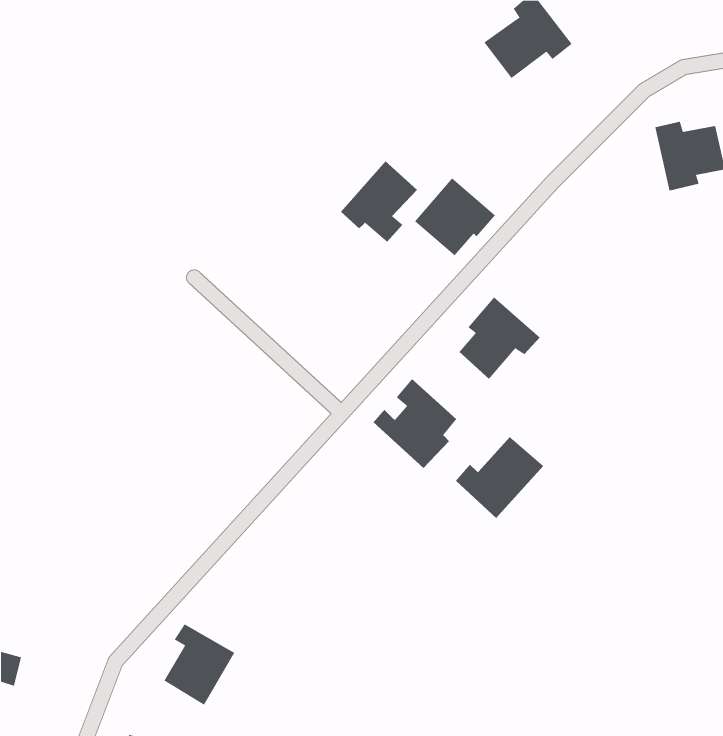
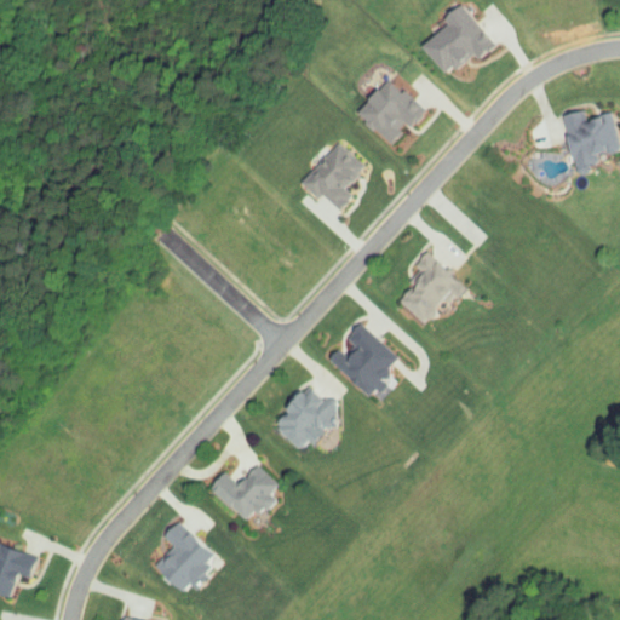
building: [414,177,496,256] -> [356,78,424,143]
building: [455,436,544,519] -> none
building: none -> [271,386,341,449]
building: none -> [211,464,279,524]

